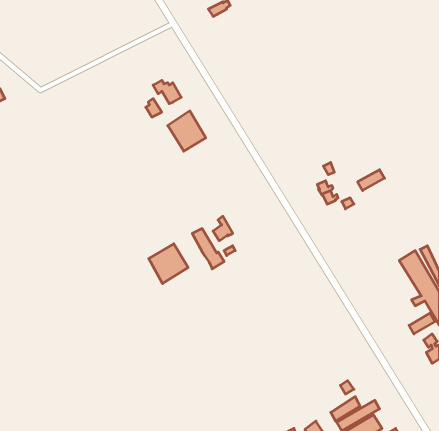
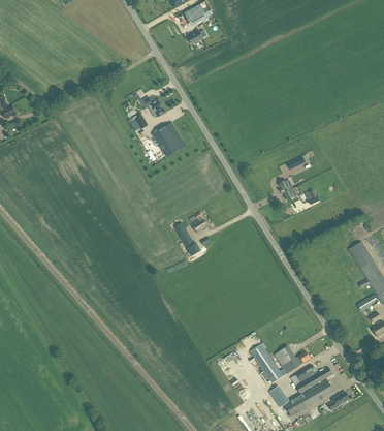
building: [149,244,188,284] -> none
building: none -> [250,343,299,383]

